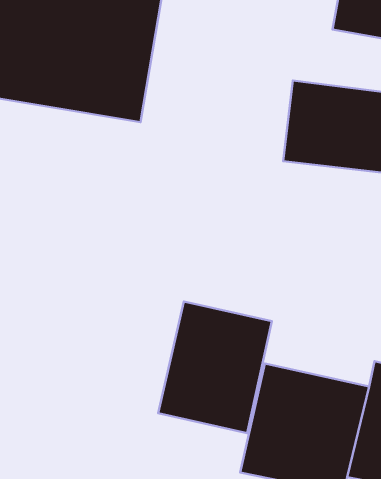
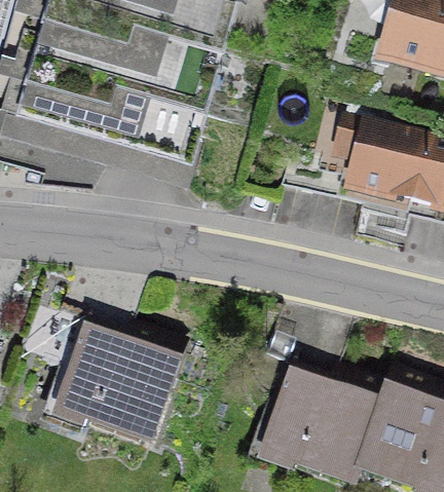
building: [158,301,272,433] -> none
building: none -> [49,314,177,446]

